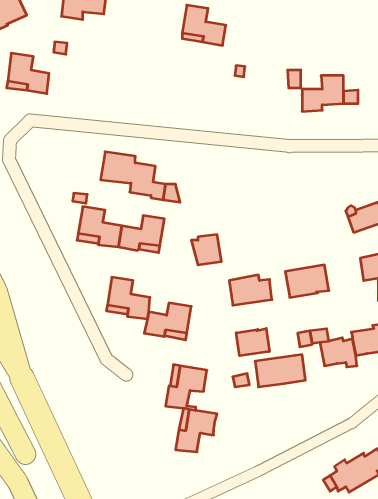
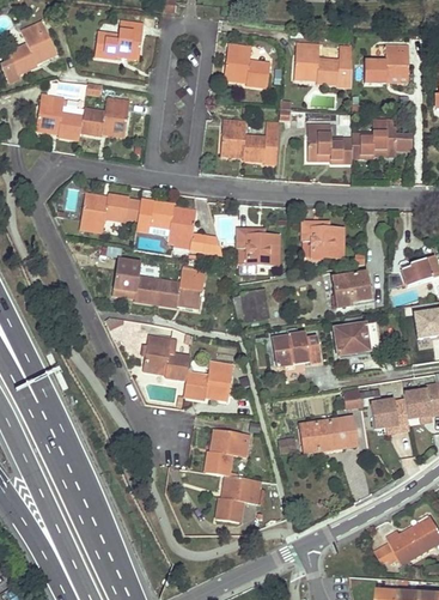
building: none -> [294,43,340,84]
building: none -> [364,46,409,83]
building: none -> [81,98,130,135]
building: none -> [221,120,280,163]
building: none -> [307,125,352,163]
building: none -> [79,194,129,231]
building: none -> [301,222,343,256]
building: none -> [238,229,278,265]
building: none -> [333,272,370,307]
building: [236,328,269,356] -> none

